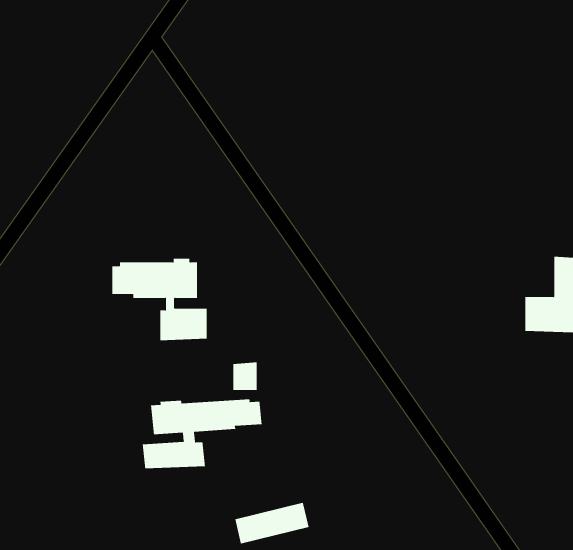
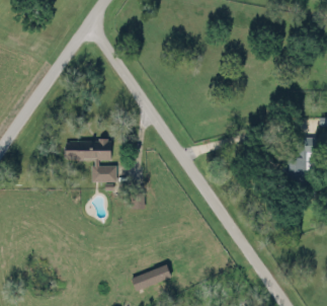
building: [142,398,262,469] -> none

